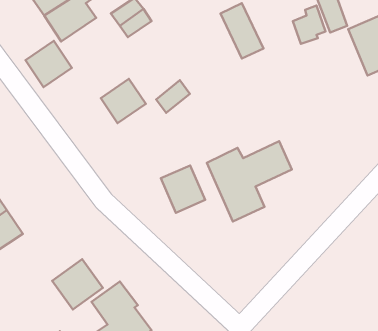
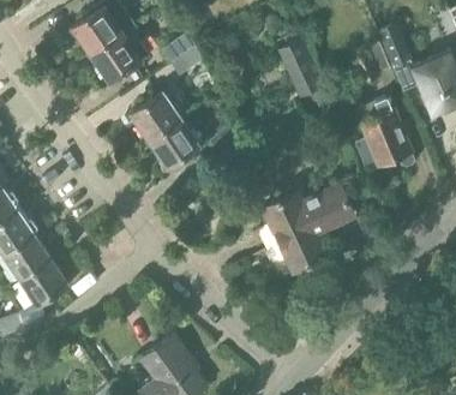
building: [26,41,72,87] -> [131,91,180,140]
building: none -> [355,98,414,170]
building: [161,165,205,213] -> none
building: [52,259,103,310] -> none

